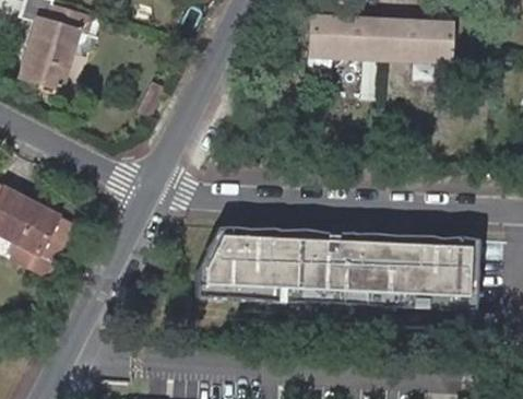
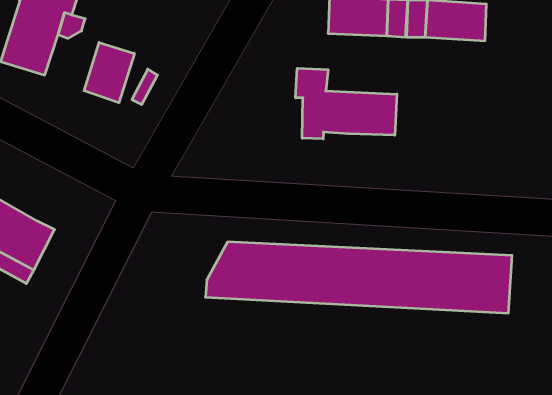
building: none -> [84,42,134,103]
building: none -> [296,68,397,139]

